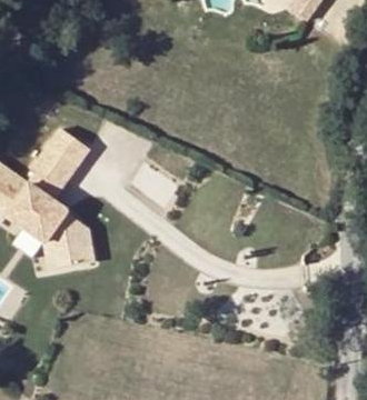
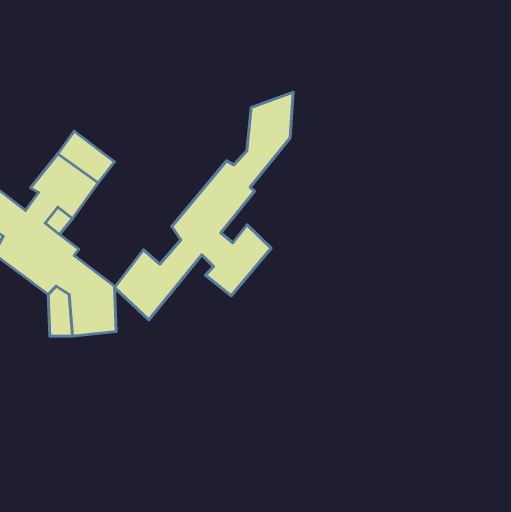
building: none -> [115,92,293,320]

